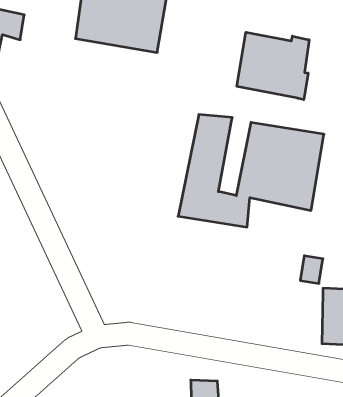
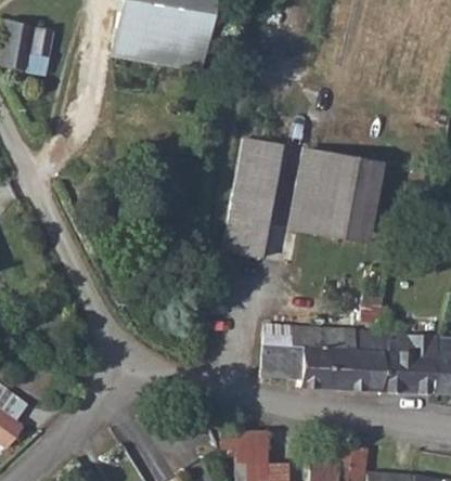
building: [237,32,309,100] -> none
building: none -> [261,322,383,390]

